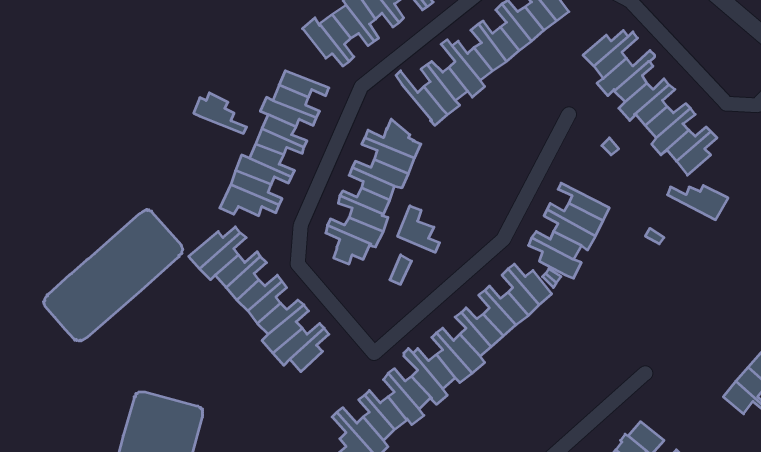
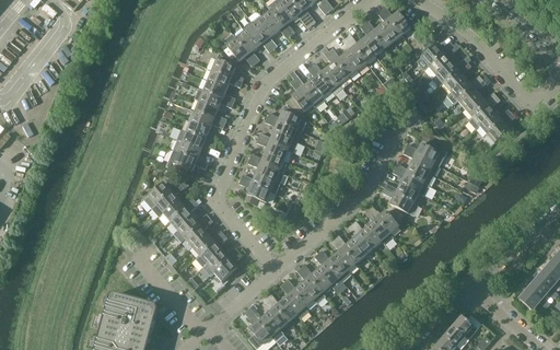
building: none -> [284,80,314,114]
building: [194,93,247,133] -> [207,54,244,82]
building: [667,185,728,220] -> [405,142,447,166]
building: [398,206,440,252] -> none
building: [43,209,183,341] -> none

